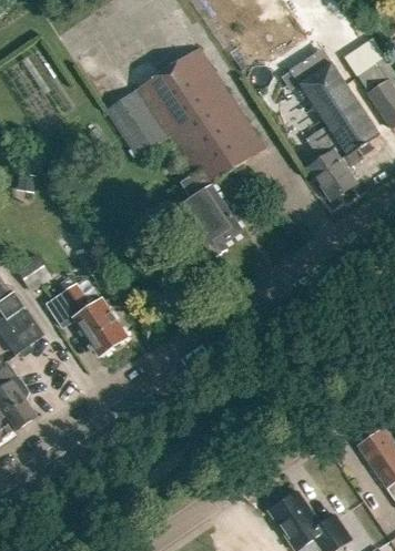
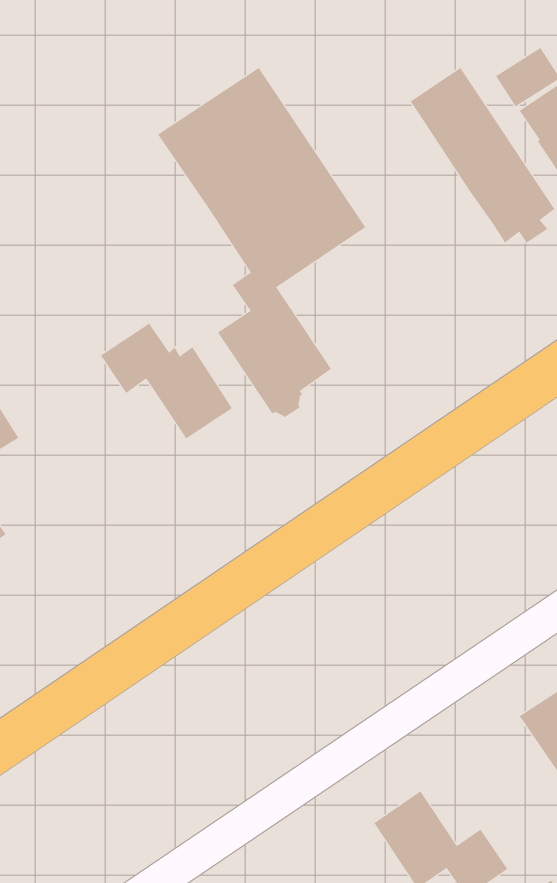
building: [107,90,168,154] -> none
building: [307,125,356,200] -> none
building: [45,283,126,354] -> [100,323,233,439]

